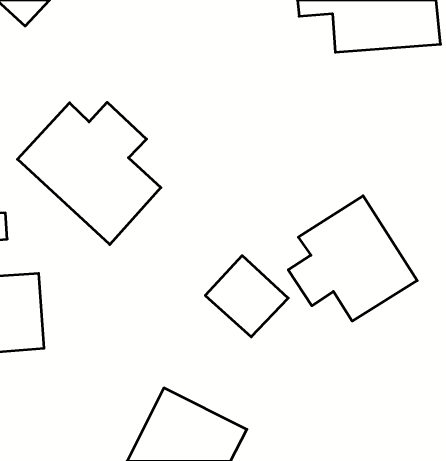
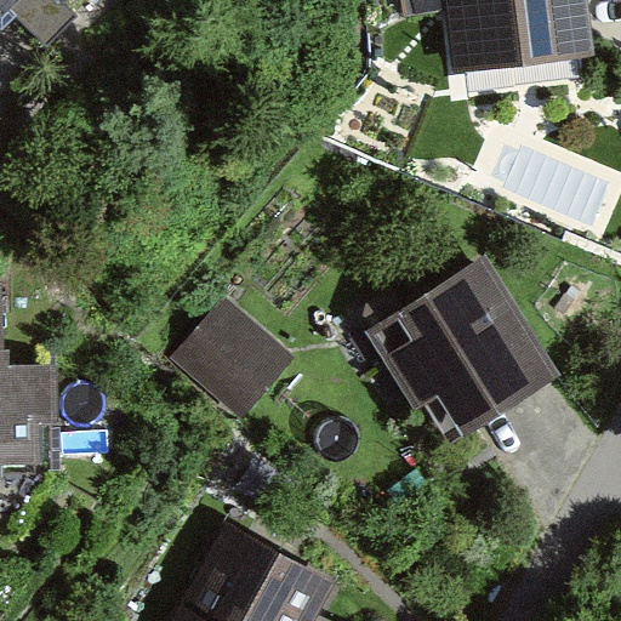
building: [17,102,161,245] -> none
building: [205,256,288,337] -> [171,302,283,411]

